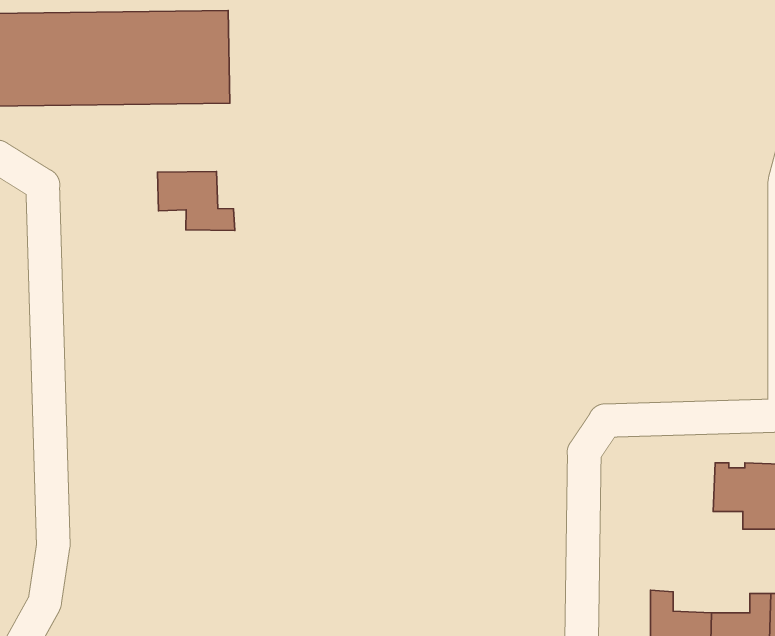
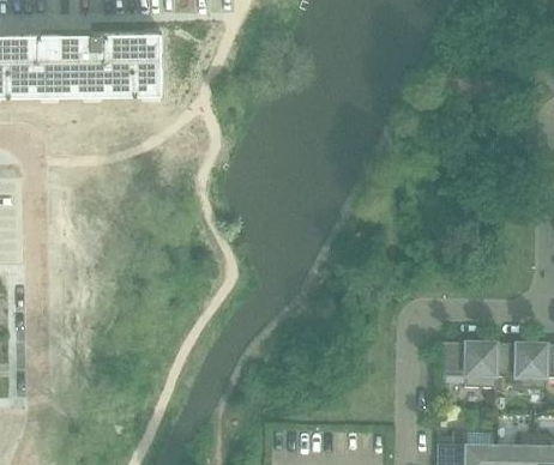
building: [157,171,235,231] -> none
building: none -> [442,340,495,386]

